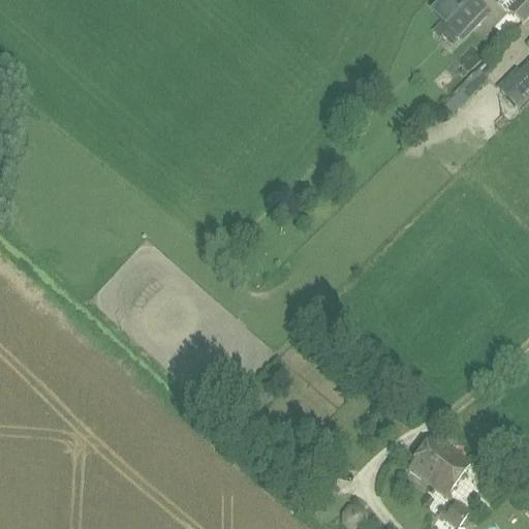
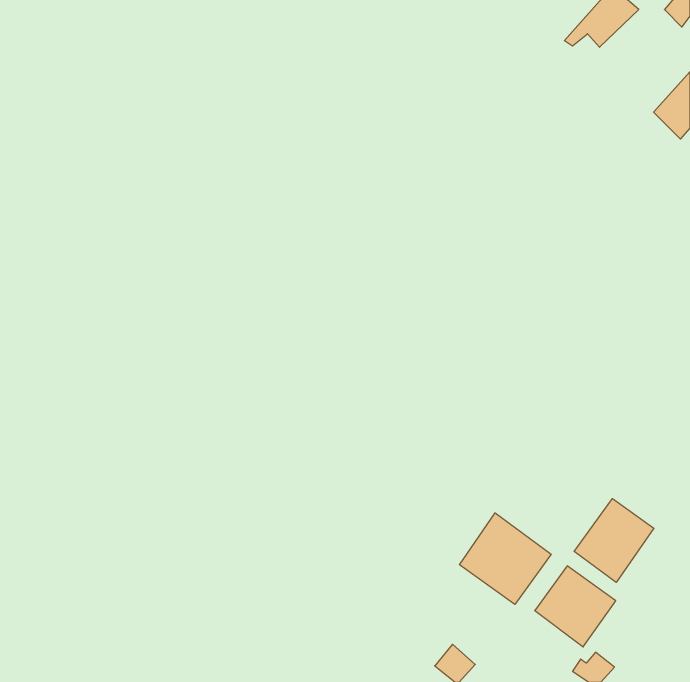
building: none -> [574,499,654,582]
building: none -> [459,513,551,604]

